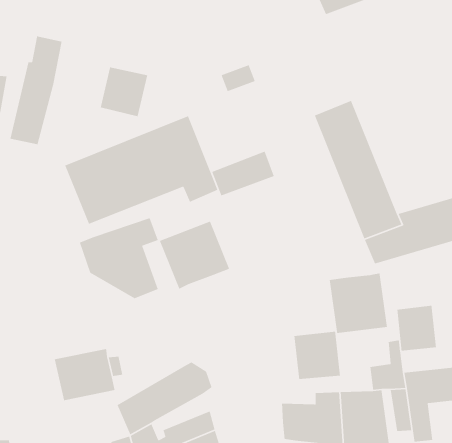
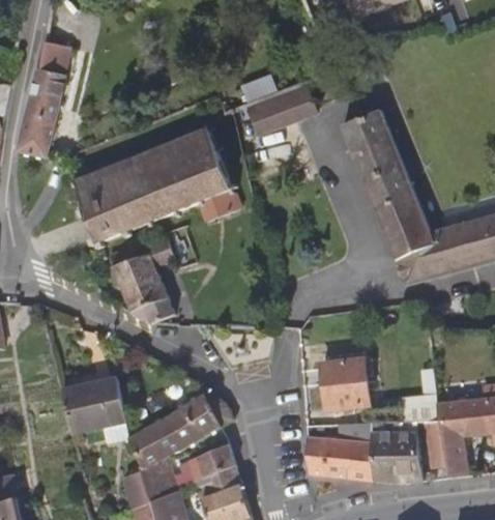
building: [100,67,148,117] -> none
building: [211,150,275,197] -> [248,86,316,136]
building: [159,221,230,290] -> none
building: [329,272,388,334] -> none
building: [397,305,437,351] -> none

